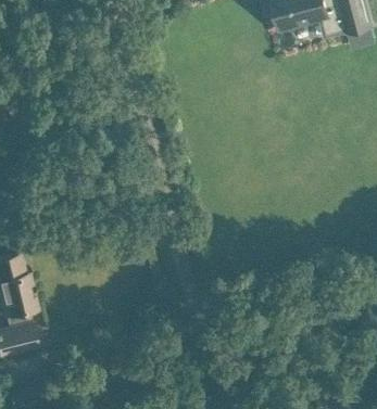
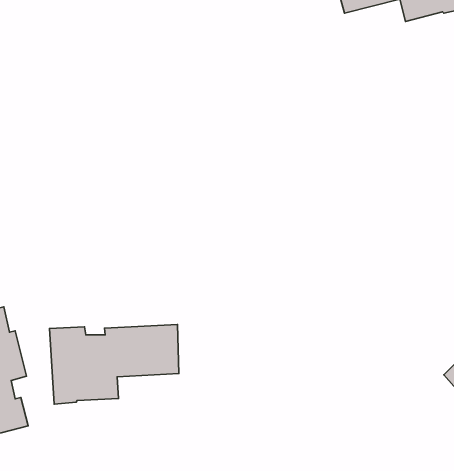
building: none -> [50,324,179,404]

